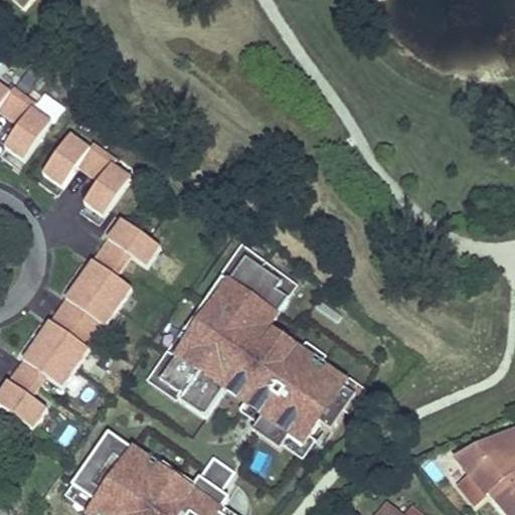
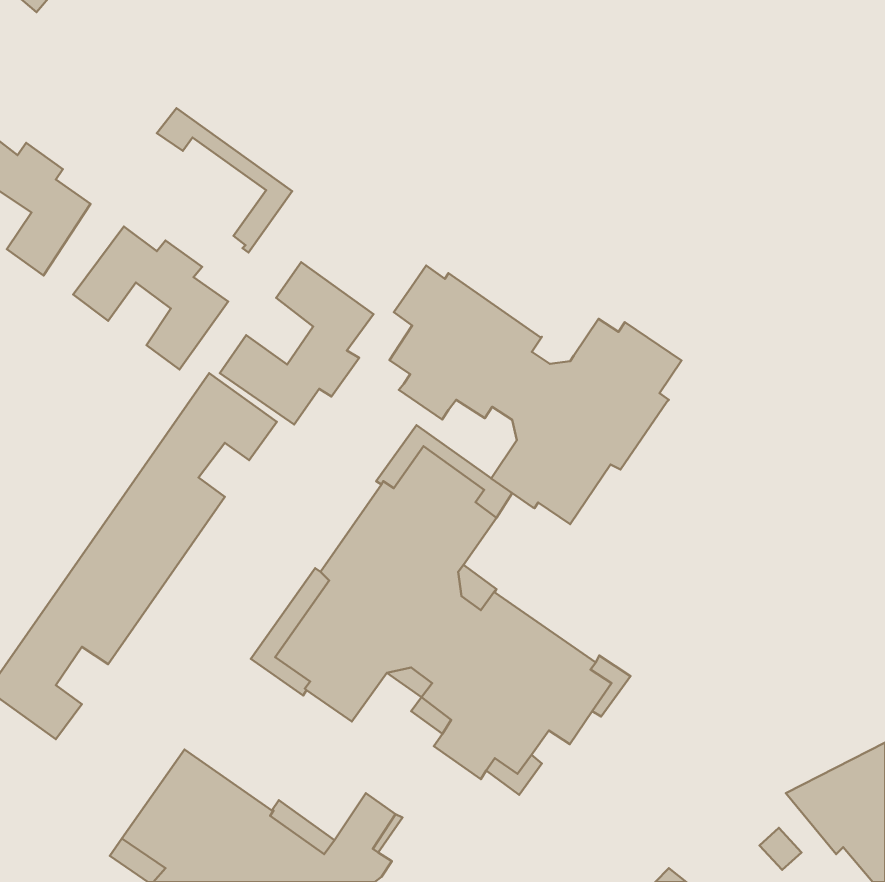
building: none -> [157,108,292,253]
building: none -> [220,262,373,425]
building: none -> [390,266,682,524]

